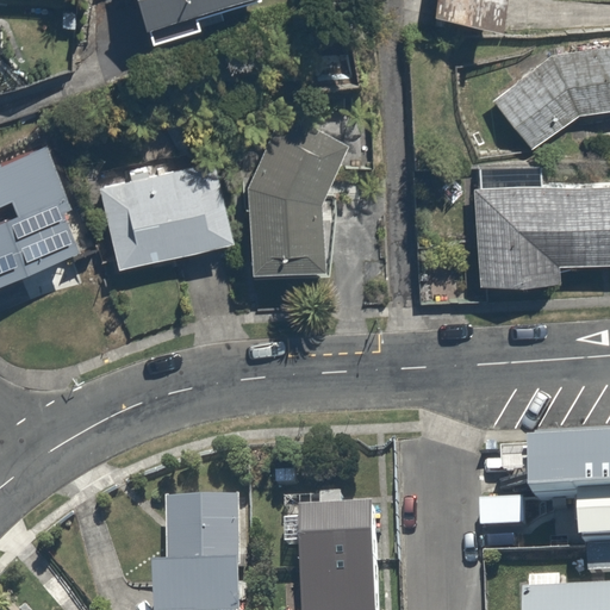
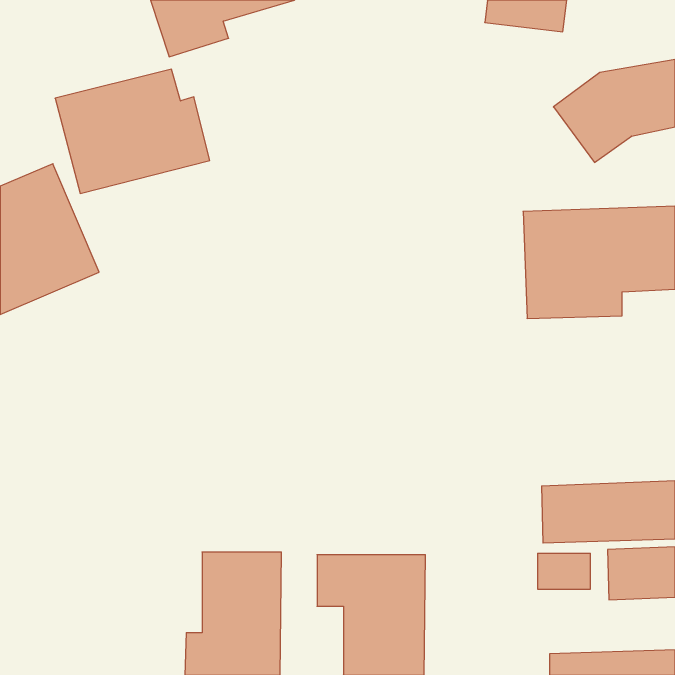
building: [244,112,347,275] -> none
building: [93,162,232,274] -> [55,69,210,193]

